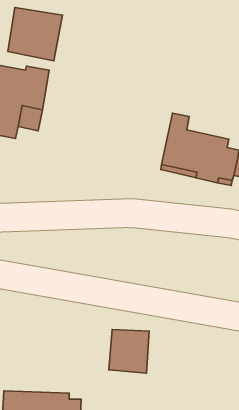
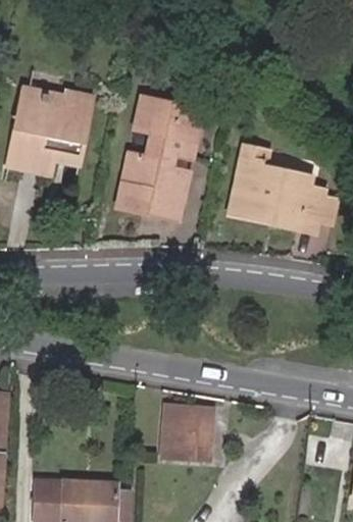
building: [8,8,62,61] -> none
building: none -> [115,98,199,217]

